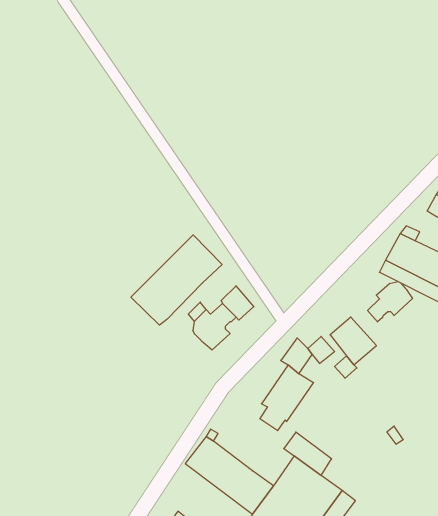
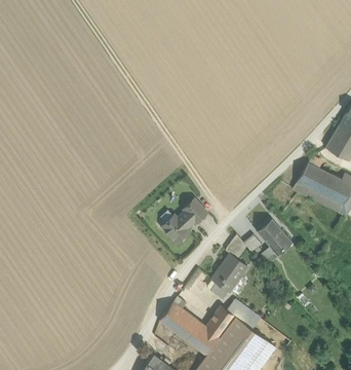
building: [131,235,222,325] -> none
building: [368,282,413,322] -> none
building: none -> [205,306,234,337]

